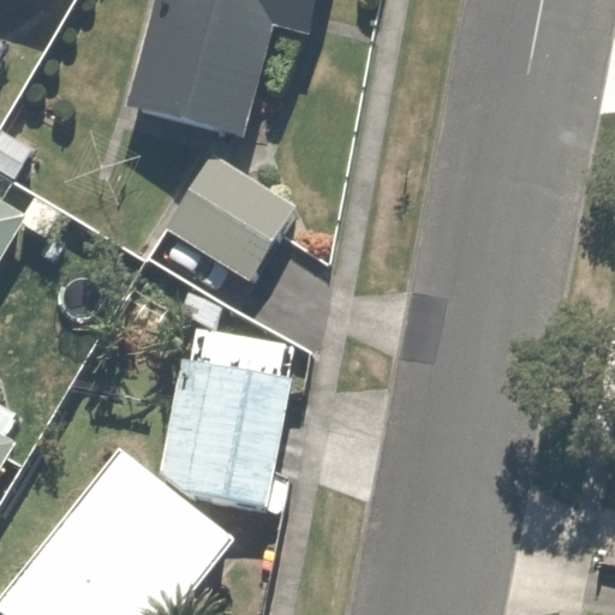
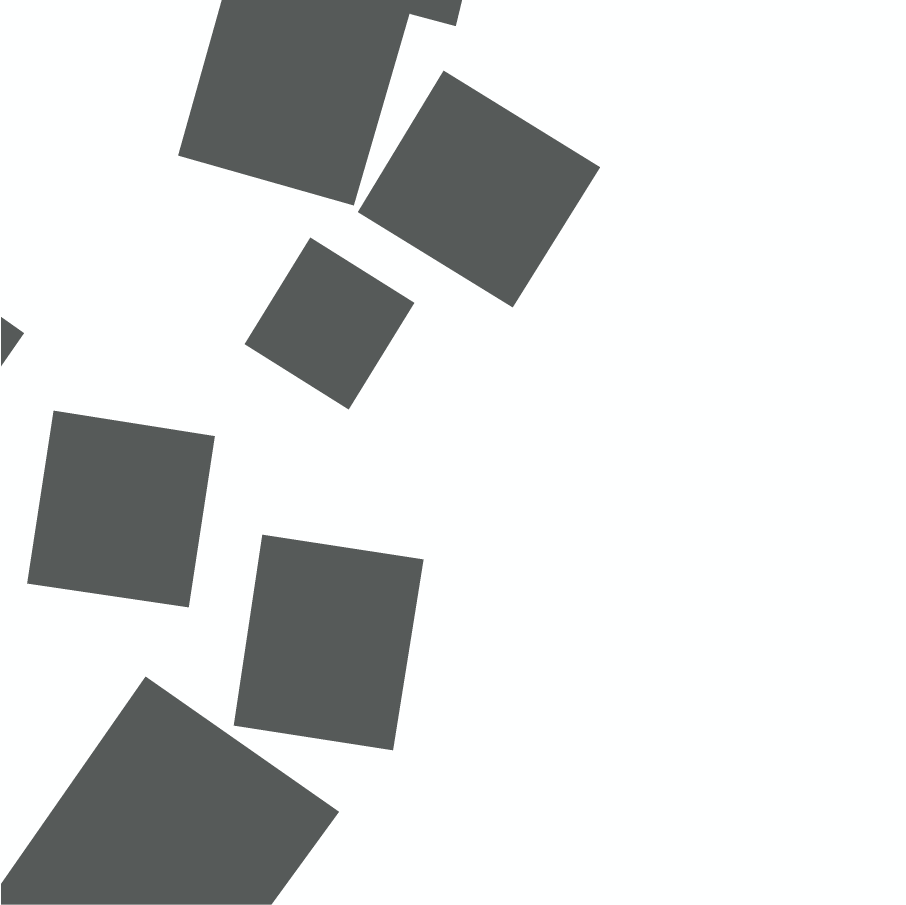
building: none -> [357,70,601,308]
building: none -> [26,410,216,608]

